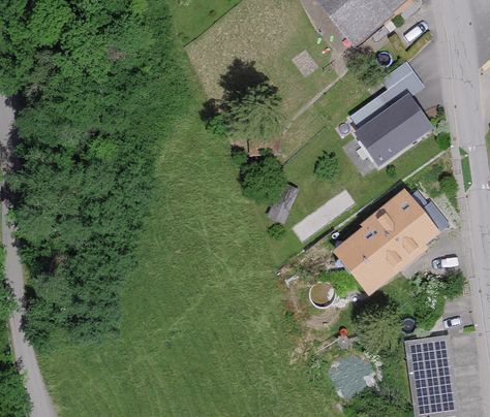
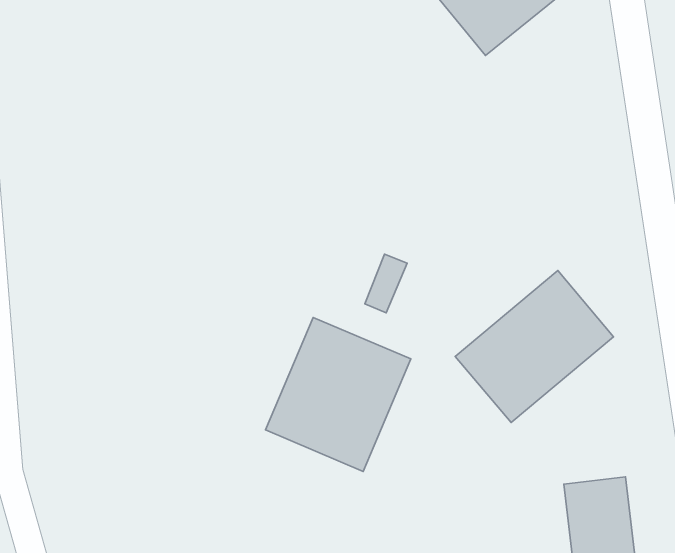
building: [355,61,431,163] -> none
building: none -> [265,317,411,471]

